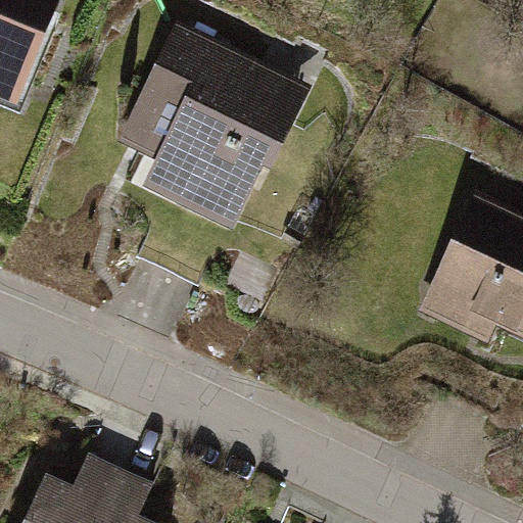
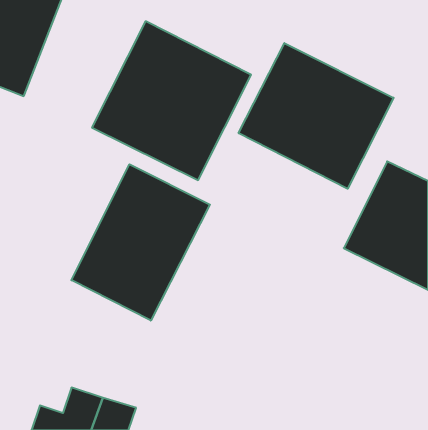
building: none -> [239,43,394,189]
building: none -> [71,164,210,321]

